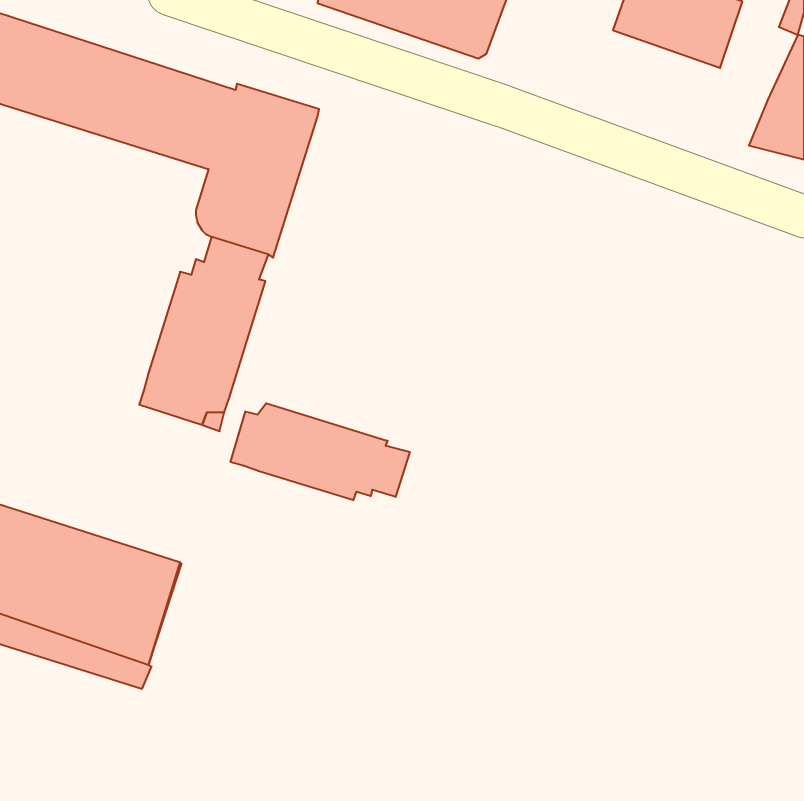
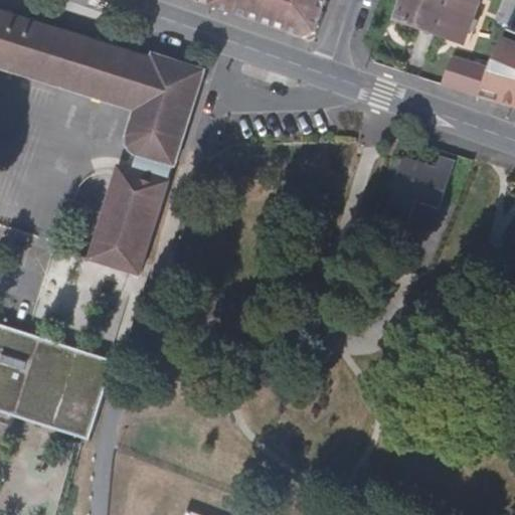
building: none -> [441,50,489,93]
building: none -> [383,153,454,220]
building: [231,403,410,500] -> none

